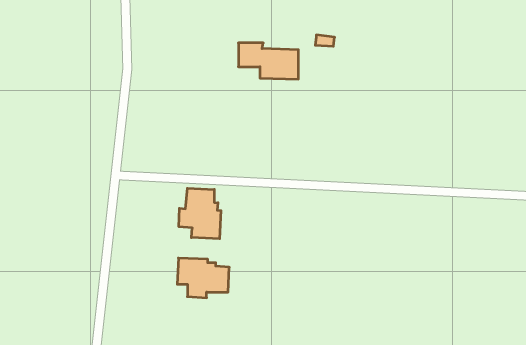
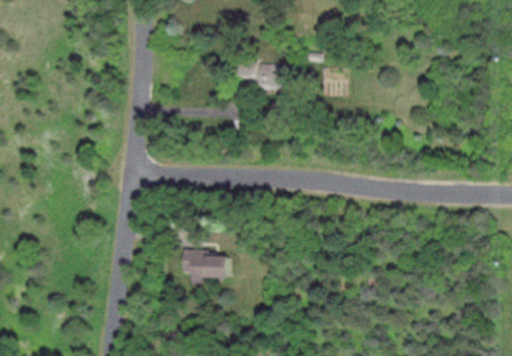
building: [179,188,221,239] -> none

